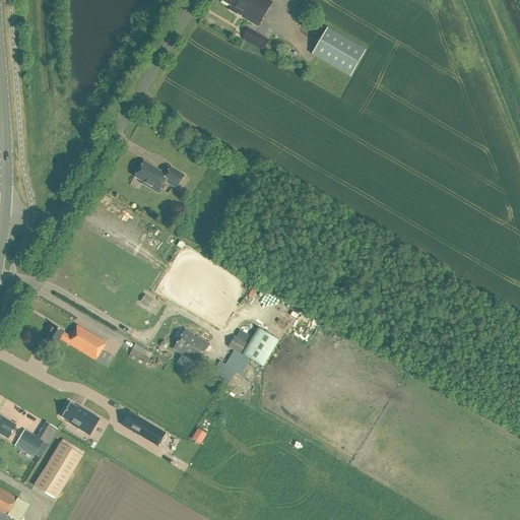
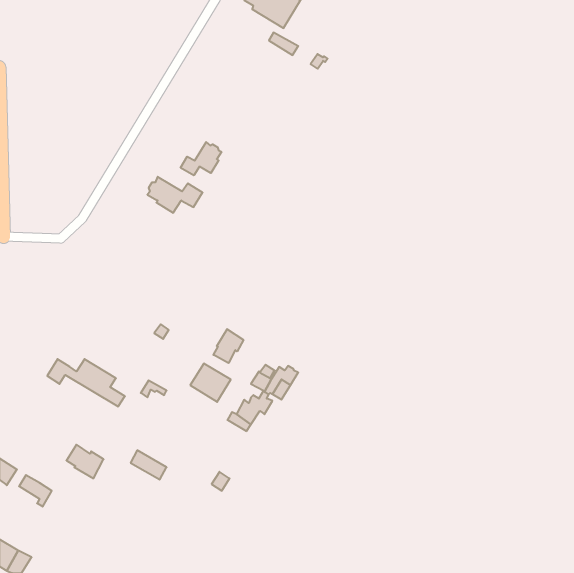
building: [310,25,365,76] -> none
building: none -> [181,142,221,175]
building: none -> [213,329,243,363]
building: [32,438,83,499] -> none

